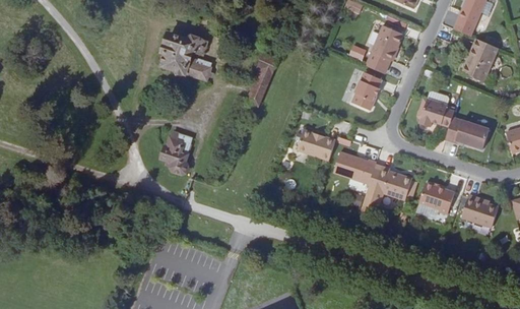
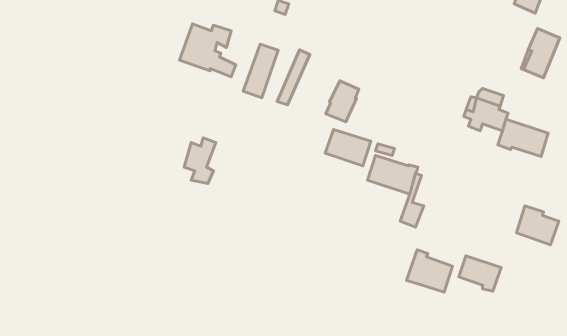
building: [364,25,402,73] -> none
building: none -> [243,44,278,98]
building: [351,71,380,107] -> [326,81,359,122]
building: [368,163,407,199] -> [407,250,452,292]
building: [413,181,450,211] -> [459,256,501,291]

